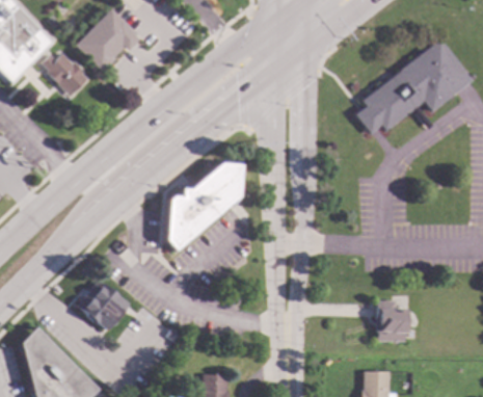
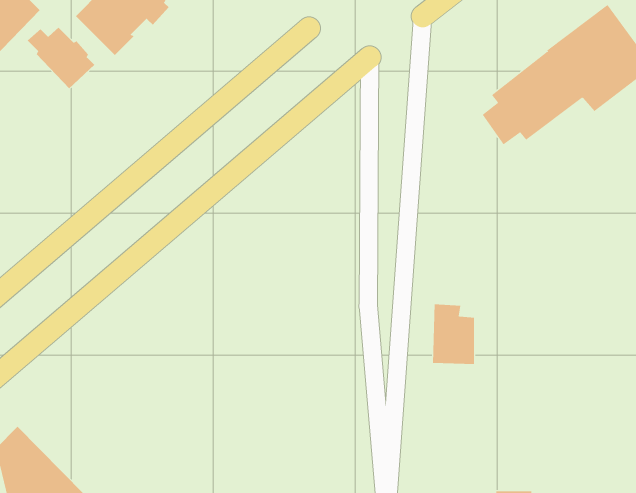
building: [165,162,241,250] -> none
building: [78,280,129,330] -> none
building: [375,299,404,341] -> [432,304,475,365]

